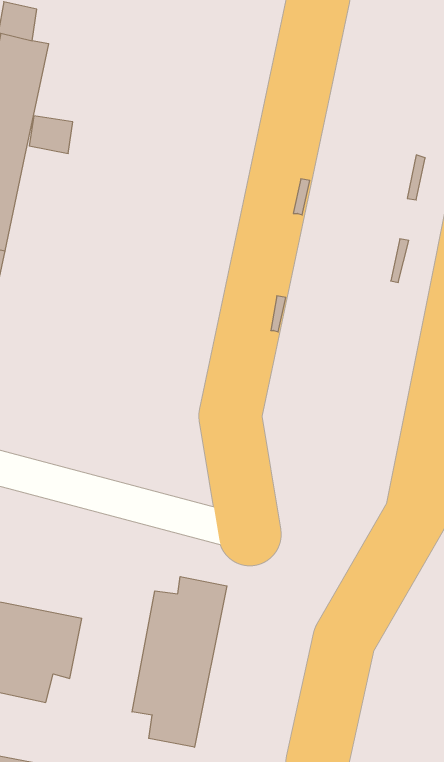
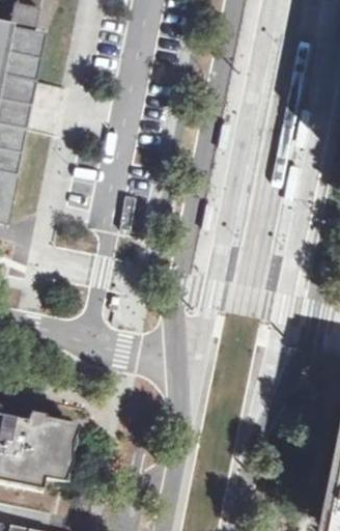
building: [132,577,227,747] -> none

